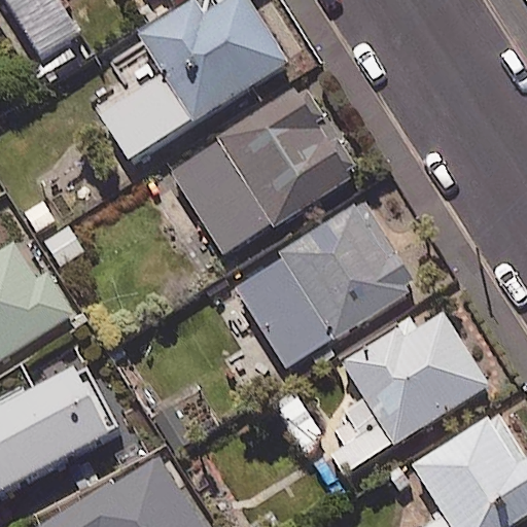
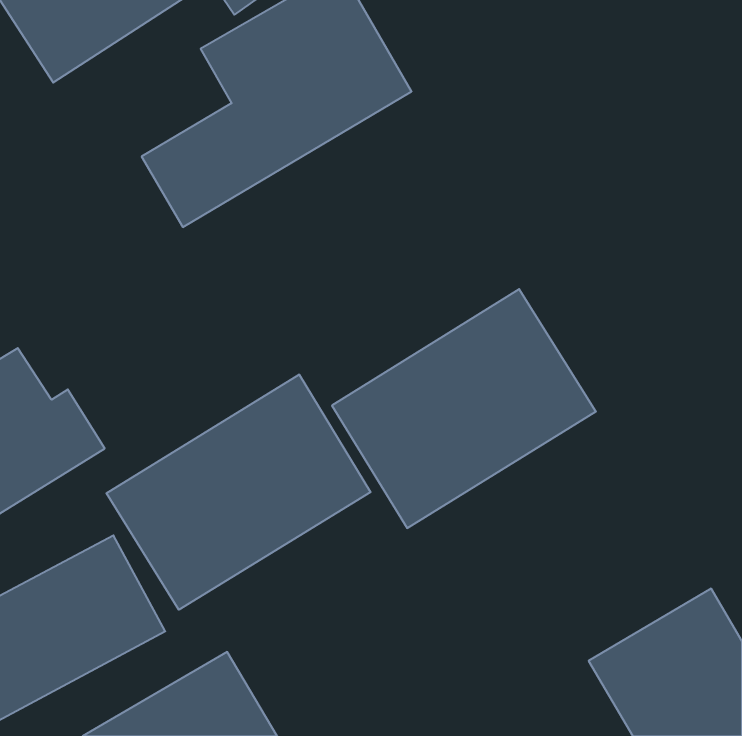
building: [169,83,361,255] -> none
building: none -> [106,374,371,610]
building: [323,306,489,473] -> none

